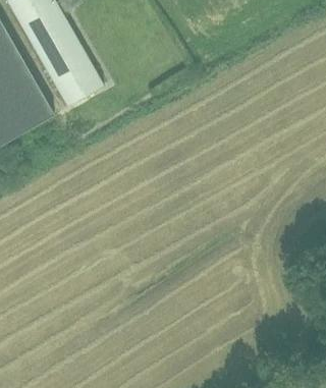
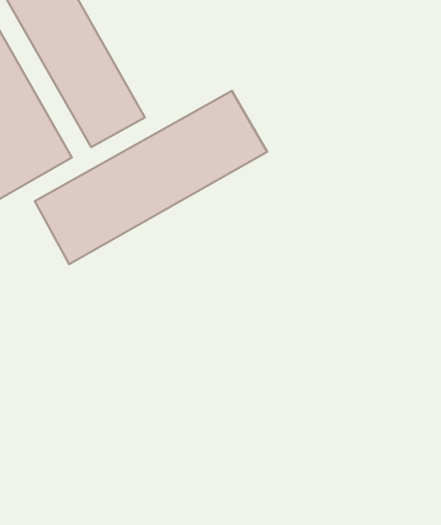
building: none -> [35,91,267,264]

